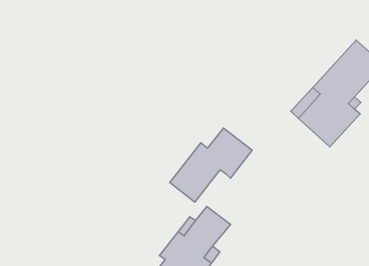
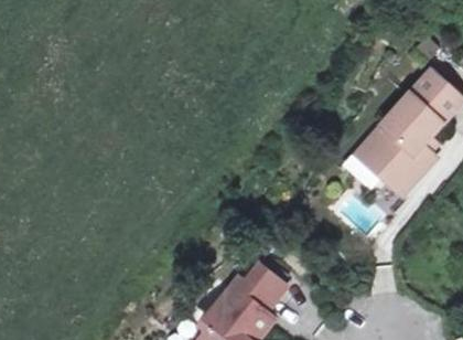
building: [170,128,252,202] -> none

